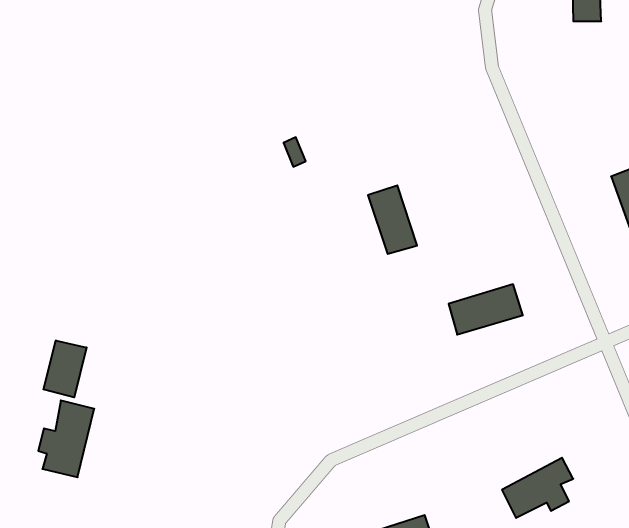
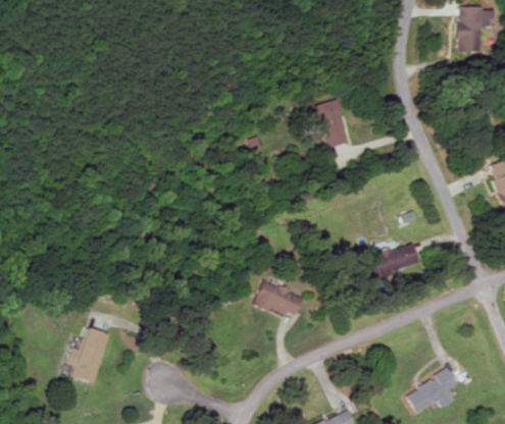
building: [368,185,417,254] -> [313,98,349,148]
building: none -> [253,279,305,317]
building: [43,340,87,397] -> none

